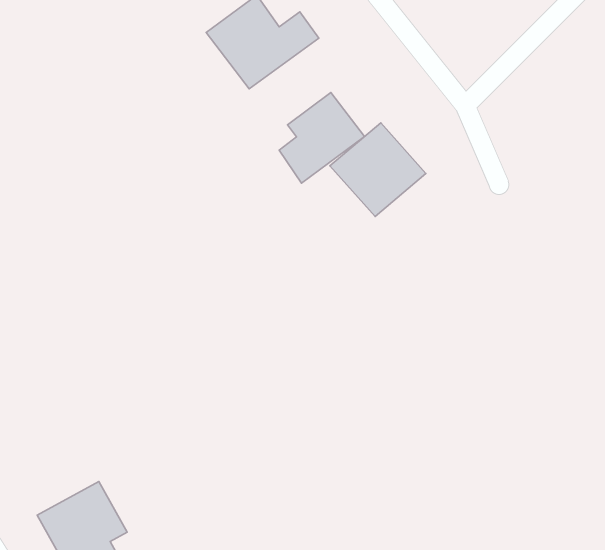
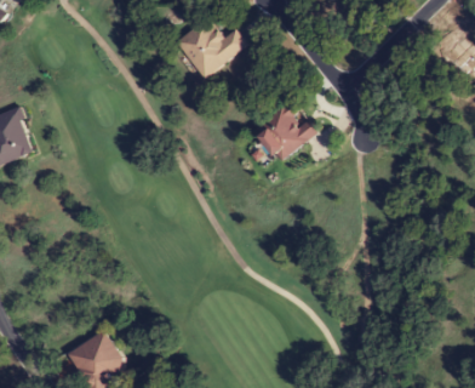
building: [279,92,364,183] -> none

